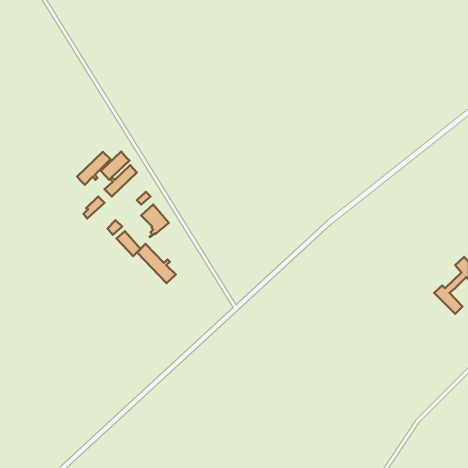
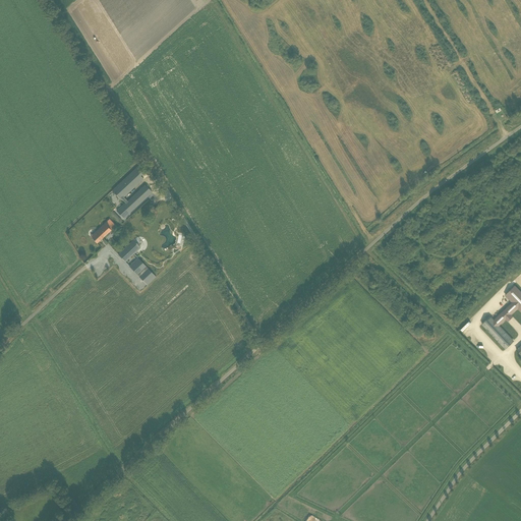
building: [77,152,111,185] -> none
building: [137,244,176,283] -> none

